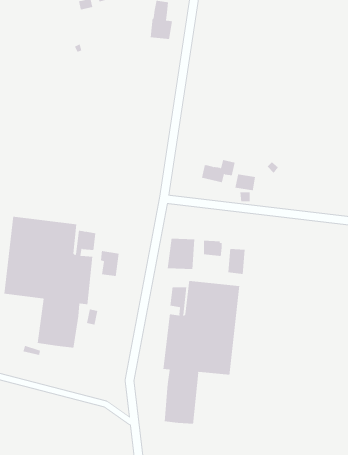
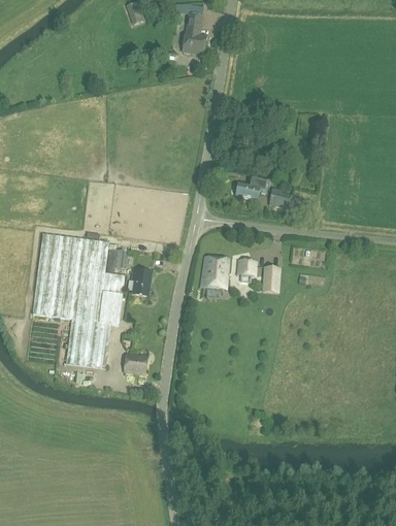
building: [163,280,240,424] -> none
building: none -> [123,353,146,373]

